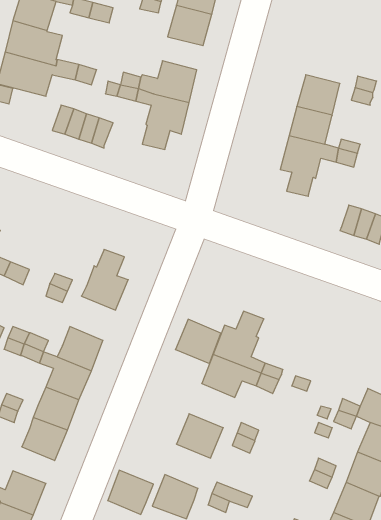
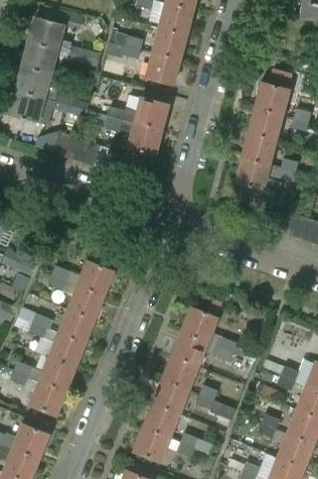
building: none -> [255,71,291,116]
building: none -> [67,285,104,321]
building: [175,319,221,364] -> [162,355,198,390]
building: [108,470,153,514] -> [143,403,179,439]

